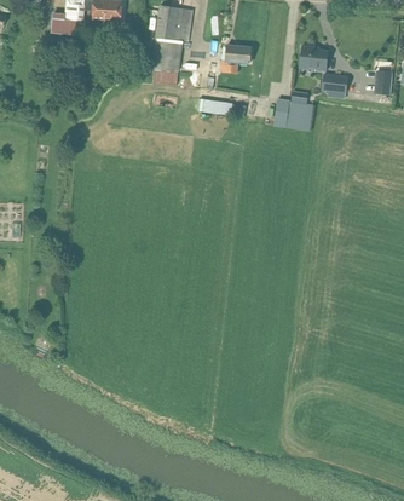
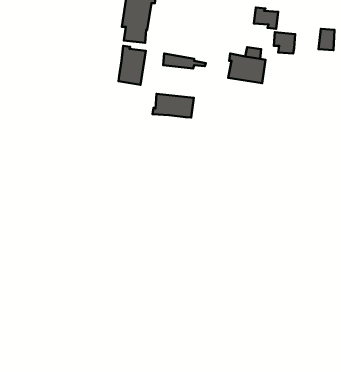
building: [220,45,250,73] -> none
building: none -> [119,46,146,85]
building: none -> [153,94,194,118]

